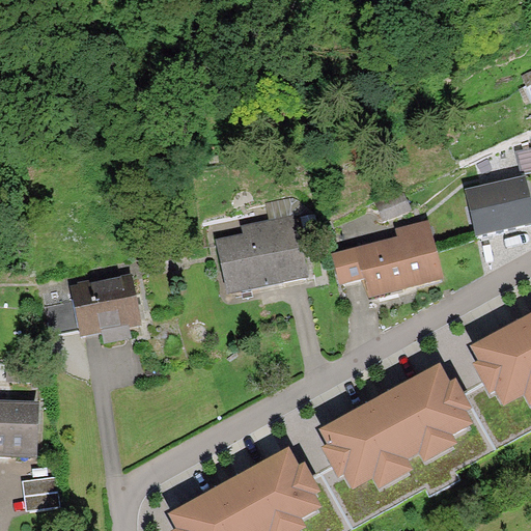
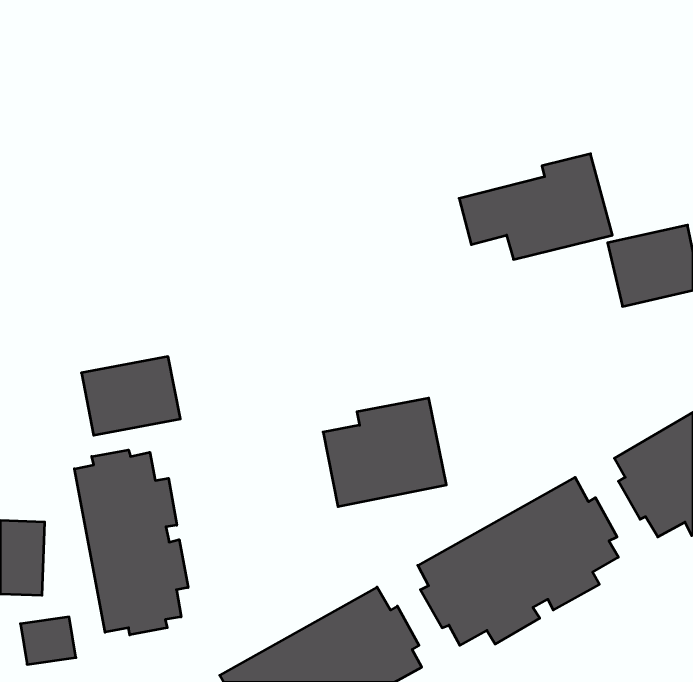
building: [215,208,309,291] -> [323,398,446,507]
building: [329,215,446,296] -> [459,154,612,259]
building: none -> [74,450,188,635]

